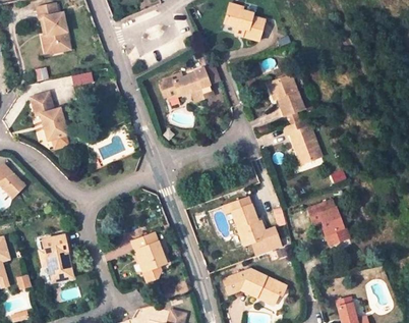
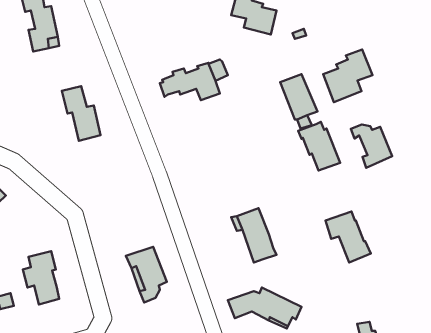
building: none -> [323,50,373,102]
building: [32,90,66,139] -> [62,86,101,141]
building: none -> [351,124,392,168]
building: [253,227,283,256] -> none

